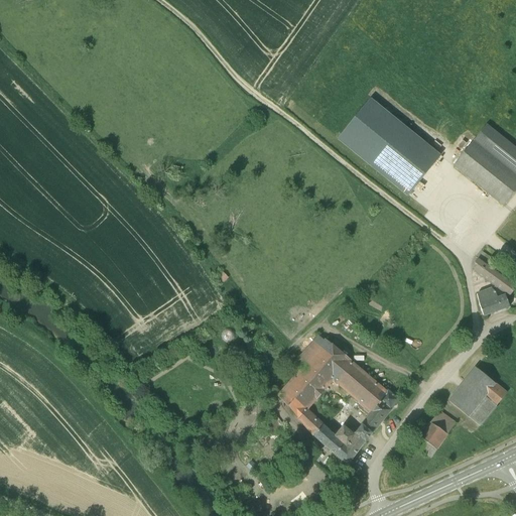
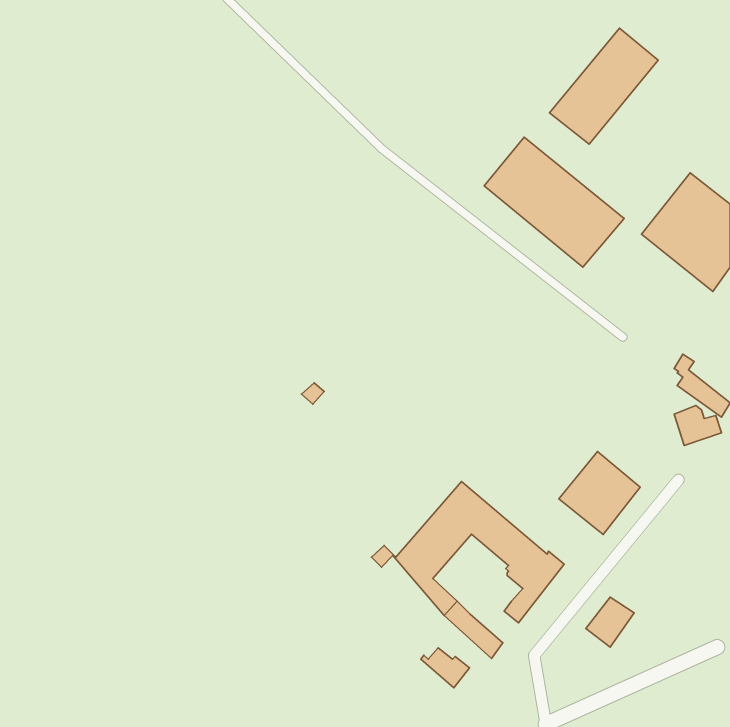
building: none -> [549,28,658,144]
building: [448,366,506,424] -> [559,452,640,534]
building: [332,425,366,454] -> [421,648,469,688]

